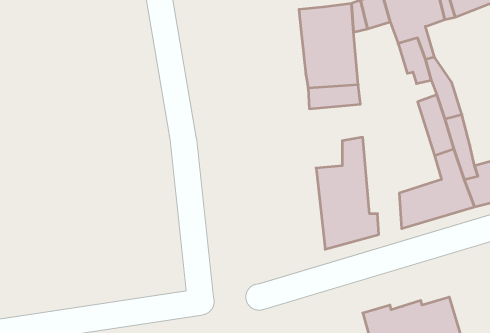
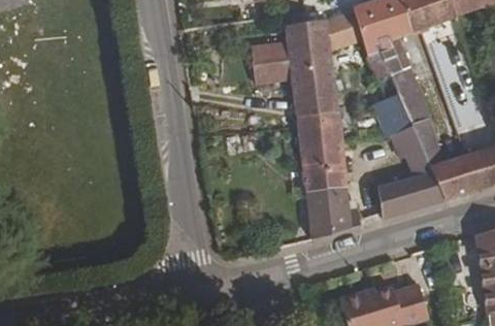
building: none -> [260,43,290,83]
building: none -> [293,108,341,166]

